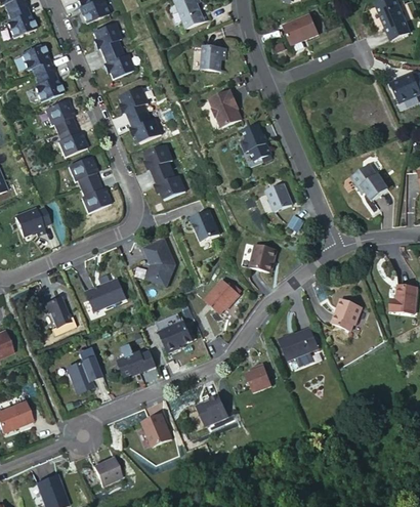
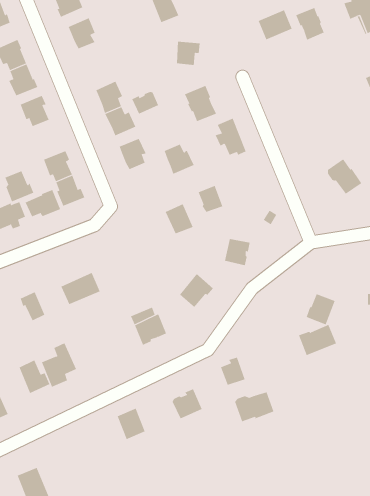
building: none -> [296,7,325,40]
building: [102,47,133,78] -> none
building: none -> [131,91,159,115]
building: [56,125,86,157] -> [4,170,34,202]
building: [154,168,184,199] -> [164,144,194,174]
building: [265,182,291,210] -> [198,185,223,213]
building: none -> [25,189,61,217]
building: [143,239,174,286] -> none
building: [279,328,318,360] -> [298,324,337,356]
building: [117,350,155,376] -> none
building: none -> [19,360,50,394]
building: none -> [235,392,274,422]
building: [93,457,123,485] -> none

